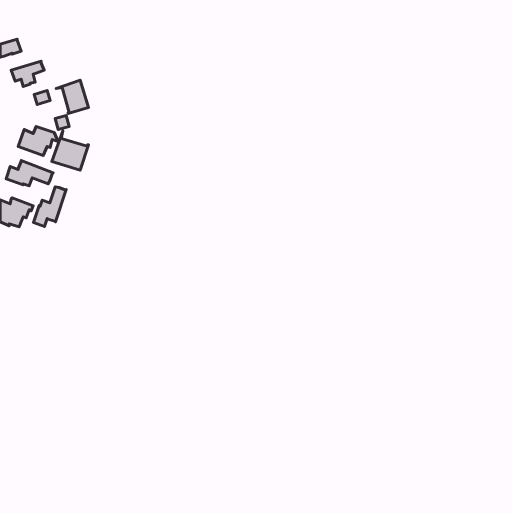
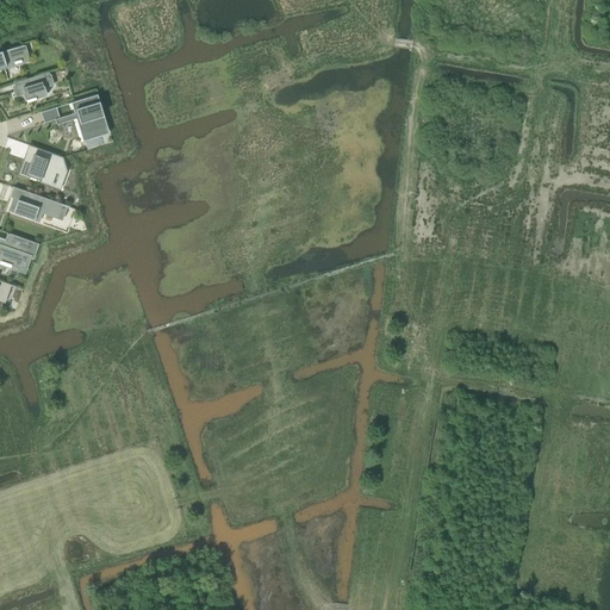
building: [52,131,88,170] -> none
building: [33,187,66,227] -> none

